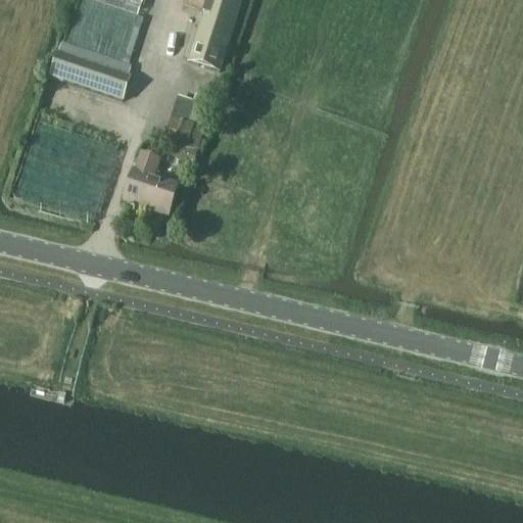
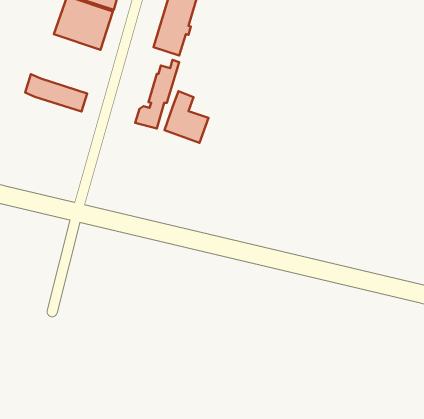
building: [52,50,129,96] -> [25,74,87,112]
building: [124,149,178,212] -> [165,91,209,143]

